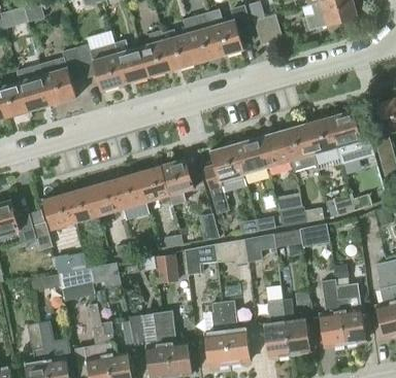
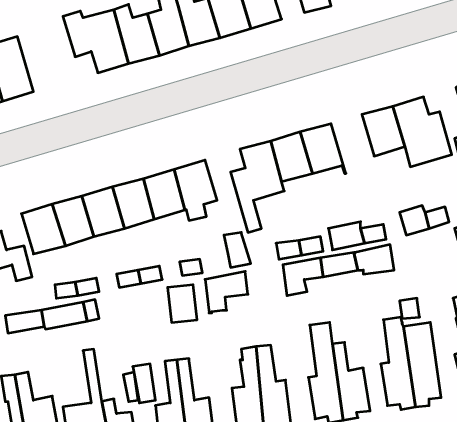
building: [39,48,84,106] -> none
building: [280,124,314,169] -> none
building: [214,239,246,265] -> none

